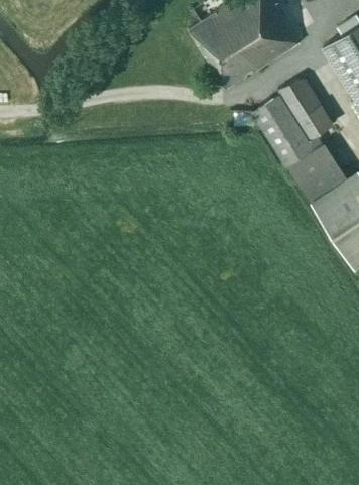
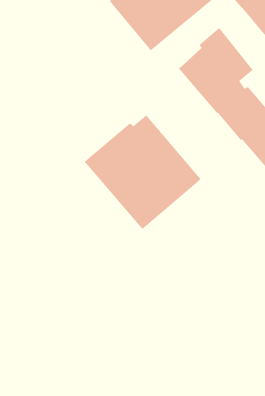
building: none -> [84,115,201,230]

